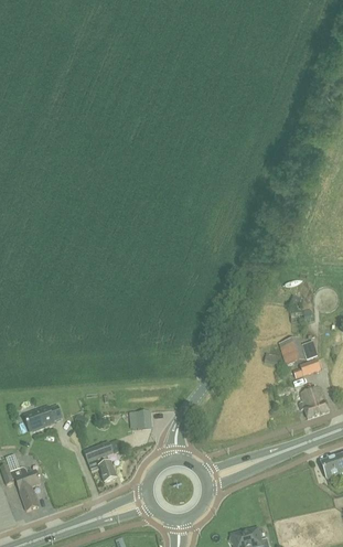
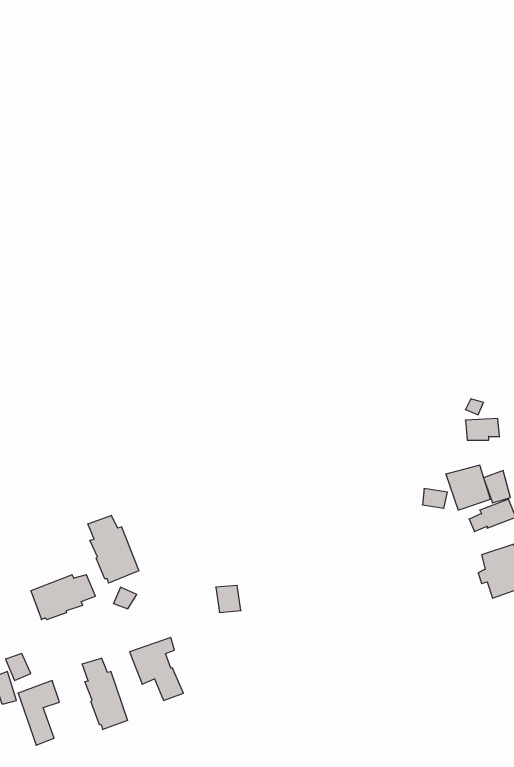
building: none -> [88,515,139,583]
building: none -> [82,658,128,730]

